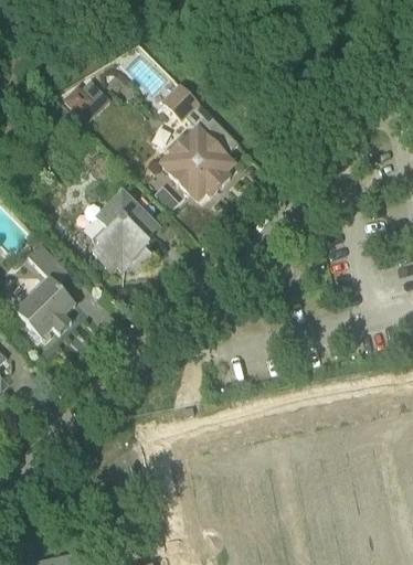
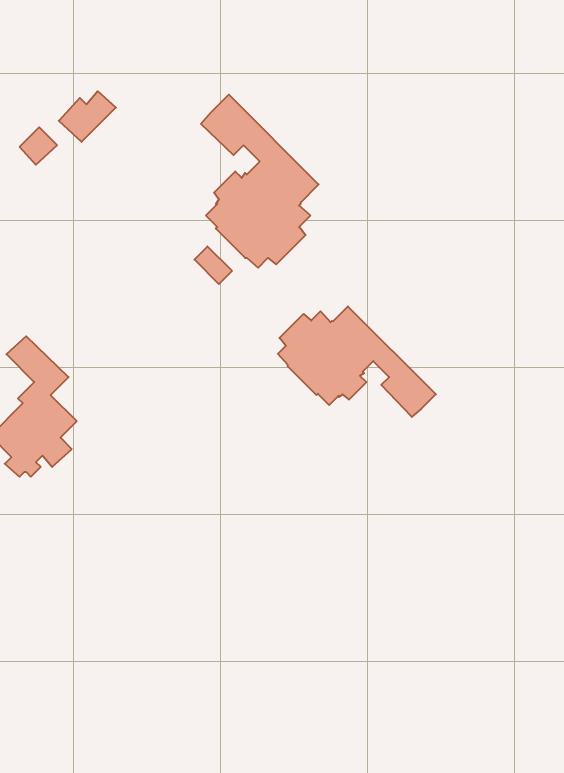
building: [93,192,157,269] -> none
building: none -> [278,306,436,417]

